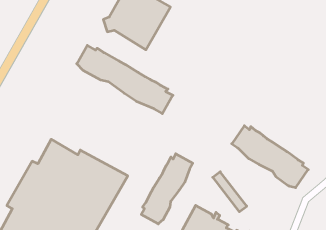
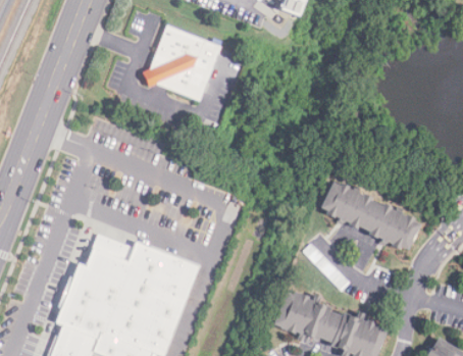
building: [77,45,173,114] -> none
building: [141,154,193,224] -> none

